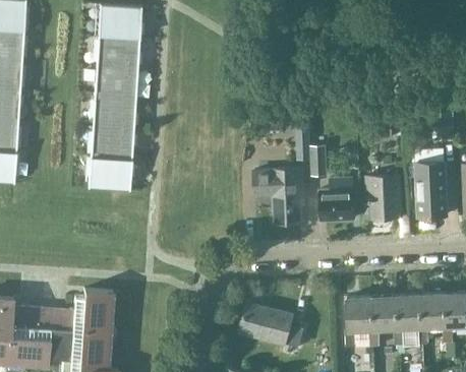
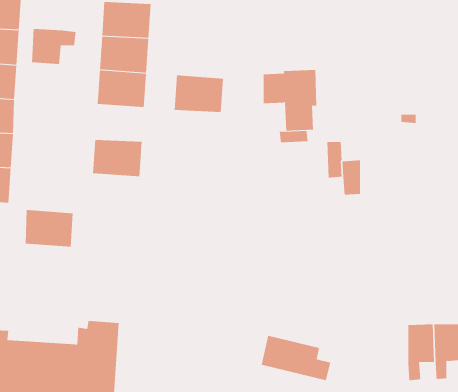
building: none -> [31,28,76,65]
building: [92,97,136,130] -> [174,75,224,113]
building: [89,159,132,192] -> [25,210,74,247]
building: [256,168,305,223] -> [263,70,317,131]
building: [366,174,404,218] -> none
building: [323,177,356,220] -> none
building: [348,294,372,344] -> none

